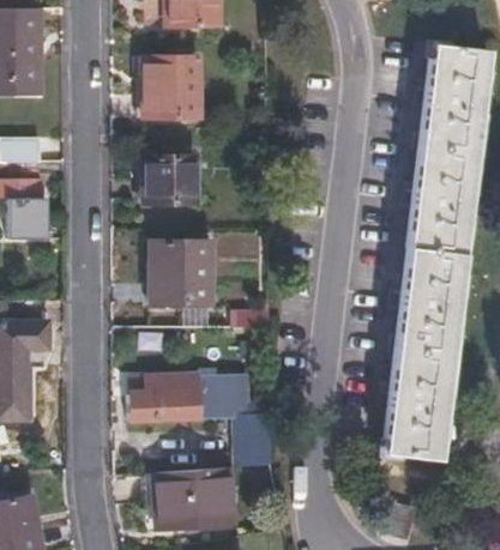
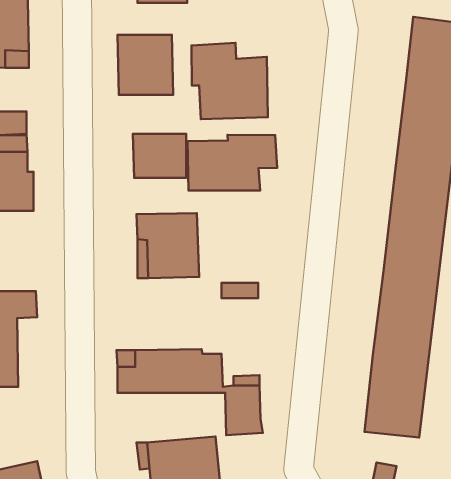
building: none -> [191,43,268,119]
building: none -> [187,135,277,190]

